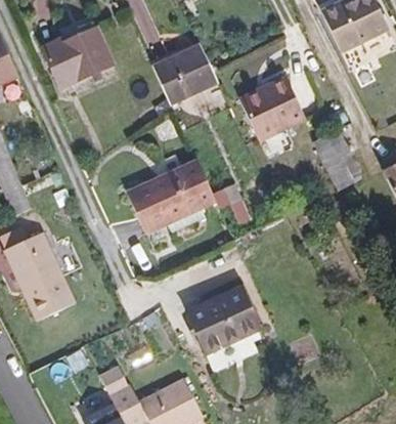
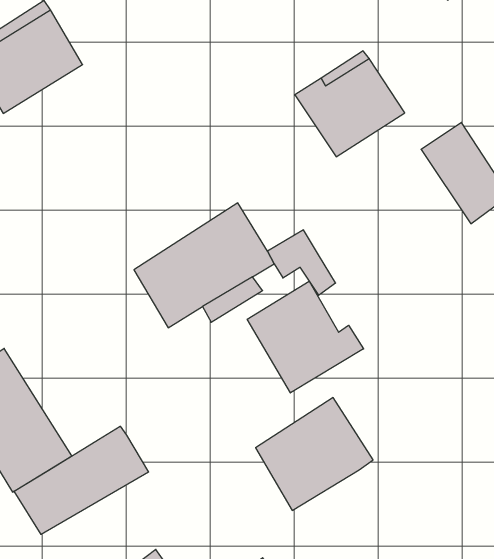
building: [152,45,217,103] -> none
building: none -> [247,281,364,393]
building: none -> [14,426,149,534]

